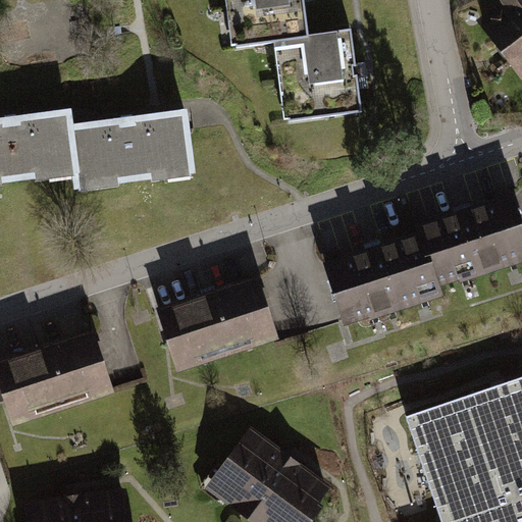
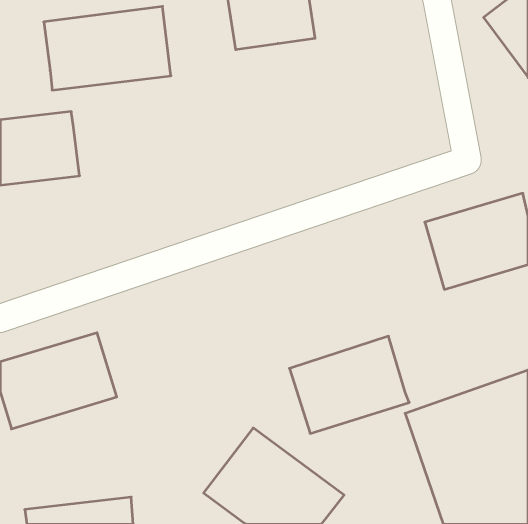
building: [274,31,366,124] -> none
building: [72,110,198,193] -> [44,6,171,90]
building: [324,230,442,326] -> [289,336,409,433]
building: [158,277,278,369] -> none

